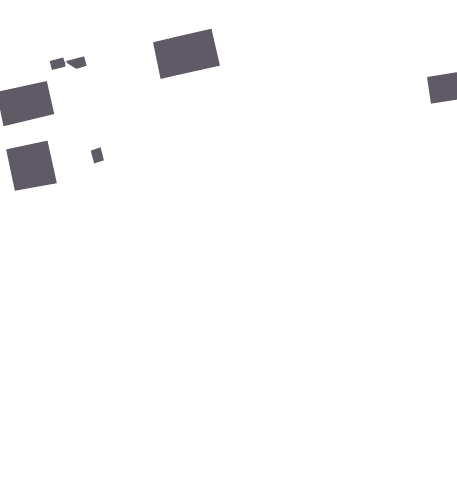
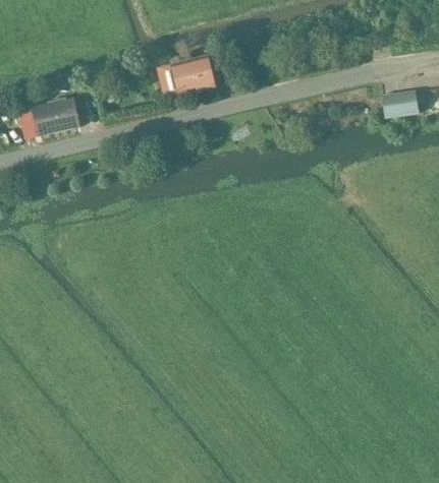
building: [6,140,57,191] -> none

